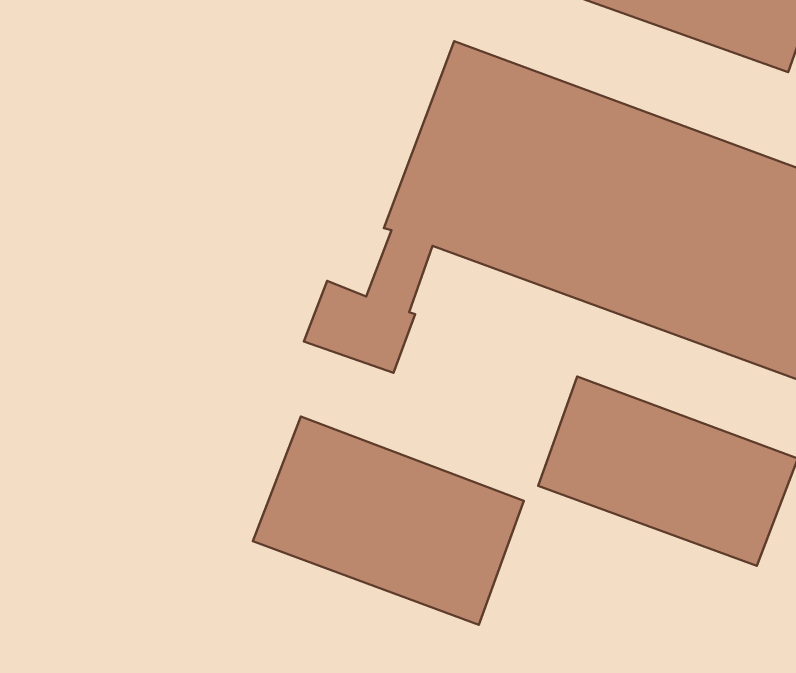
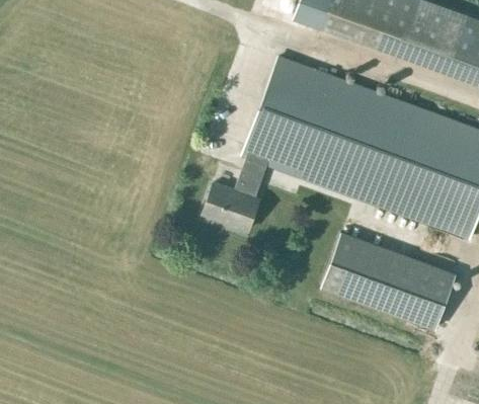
building: [253,417,524,625] -> none

